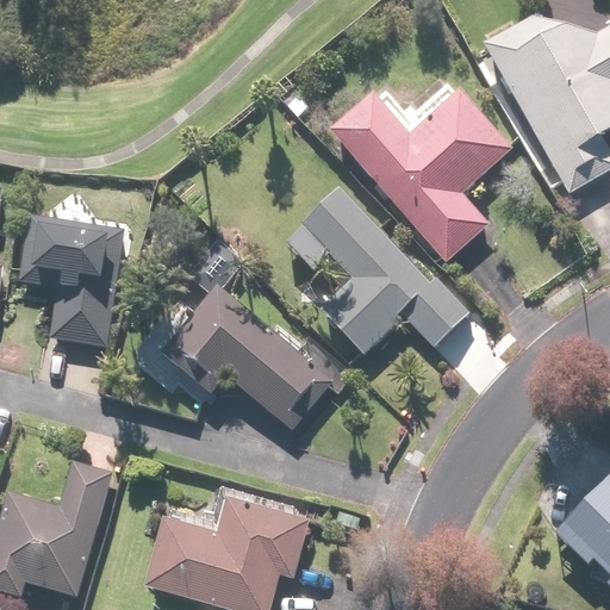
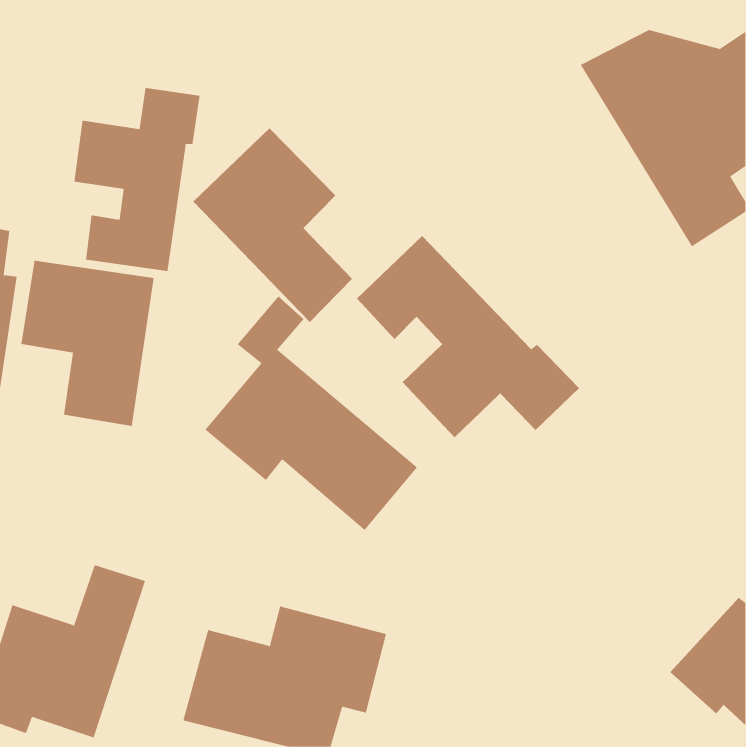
building: none -> [74,87,200,272]
building: [318,88,503,264] -> none
building: none -> [192,127,353,323]

